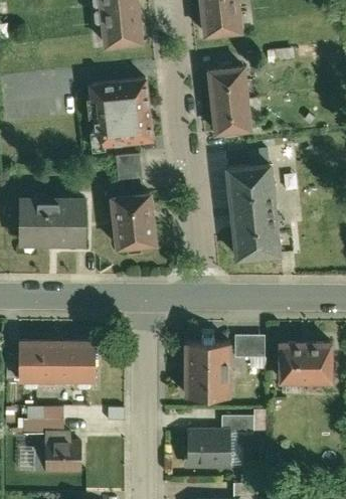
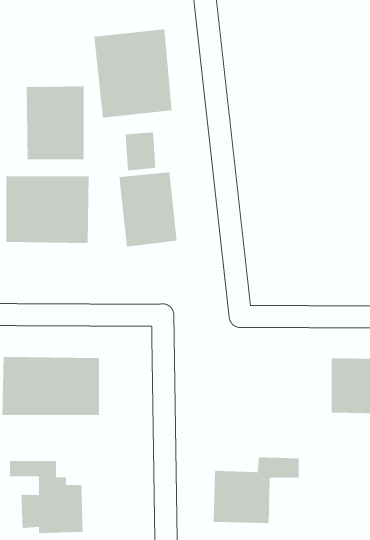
building: [206,63,251,138] -> none
building: none -> [26,85,84,160]
building: [225,160,280,263] -> none
building: [183,337,266,401] -> none

